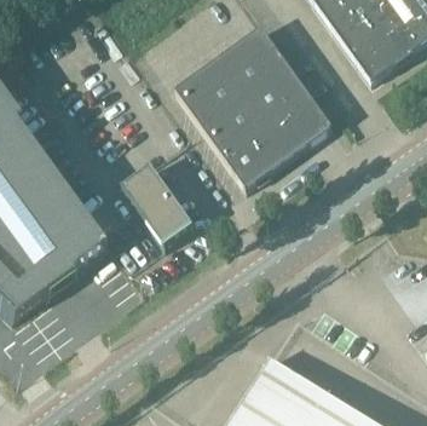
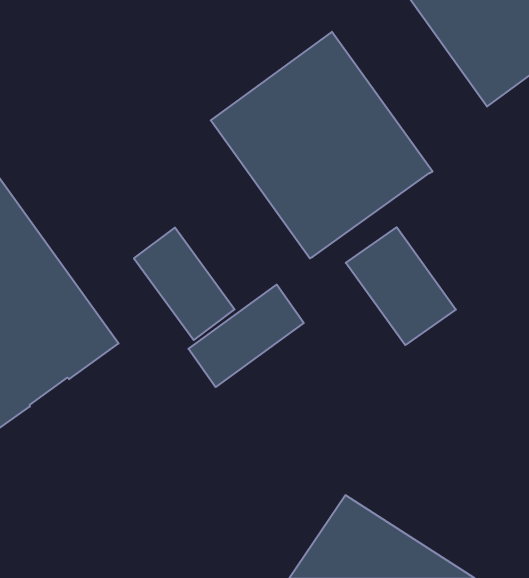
building: none -> [346,227,456,345]
building: none -> [188,285,304,387]

